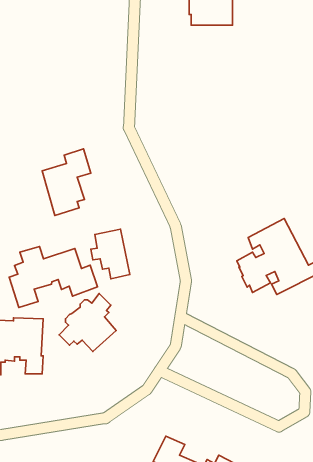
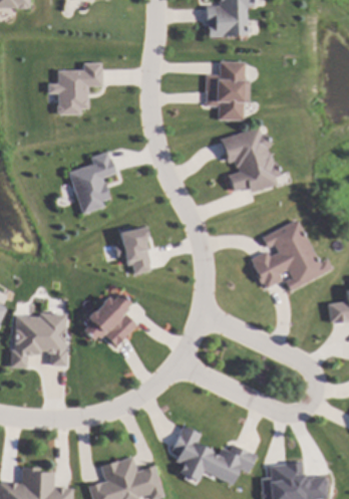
building: none -> [206,62,250,119]
building: none -> [45,64,98,114]
building: none -> [221,129,281,192]
building: [9,246,97,307] -> none

